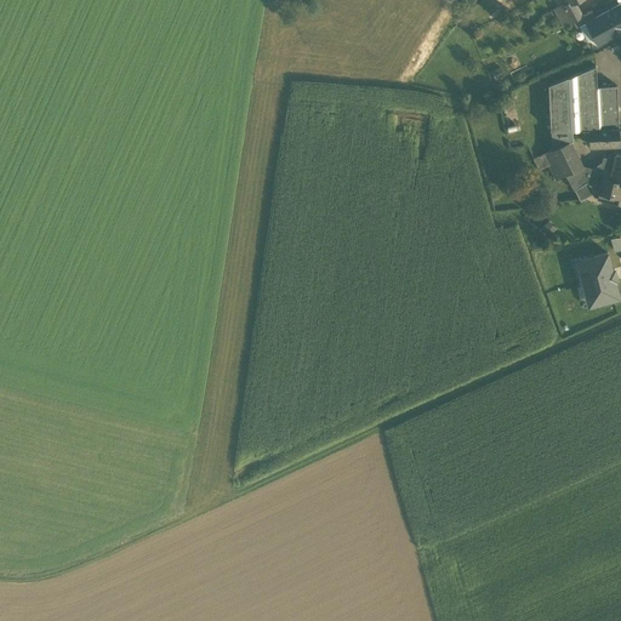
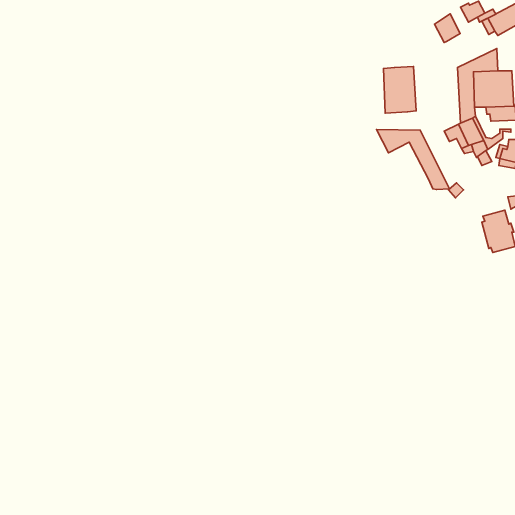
building: none -> [434,14,460,43]
building: none -> [383,66,416,113]
building: none -> [377,130,450,190]

